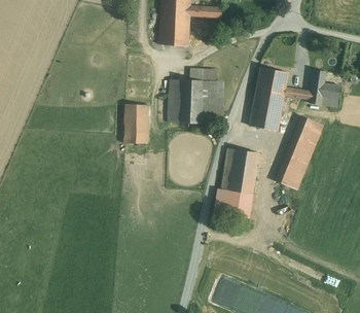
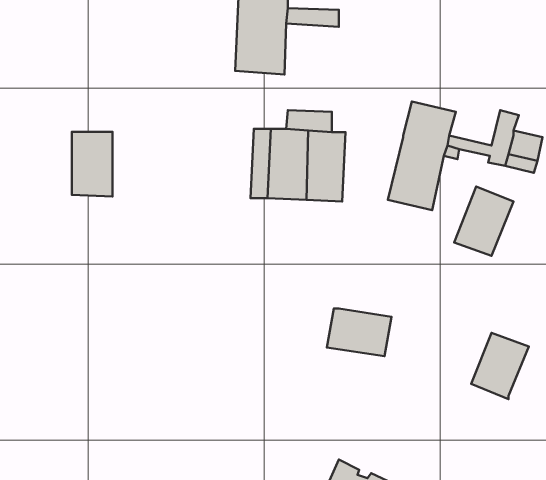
building: [123,104,148,143] -> [72,132,113,196]
building: [221,149,259,195] -> none
building: [279,149,314,189] -> [471,333,529,399]

